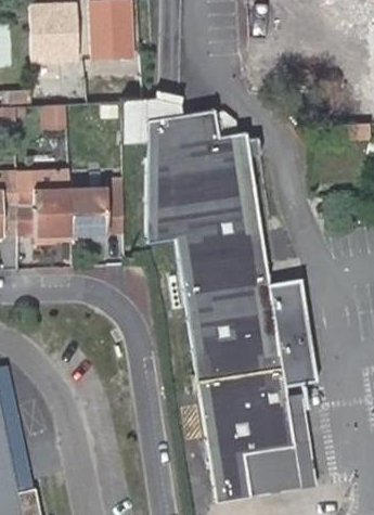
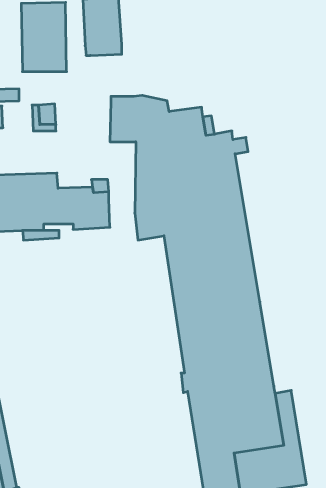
building: [271,298,317,388] -> none

